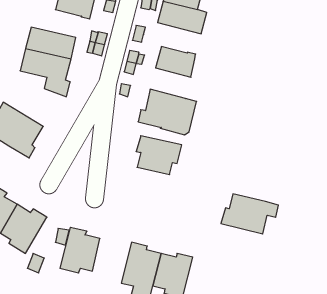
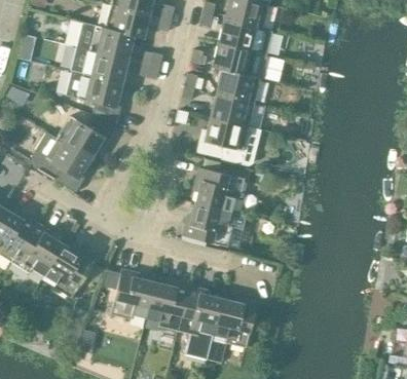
building: none -> [77,24,133,60]
building: none -> [211,43,265,78]
building: none -> [209,93,254,127]
building: none -> [57,116,116,158]
building: [221,194,278,234] -> [181,203,245,248]
building: none -> [145,282,188,332]

